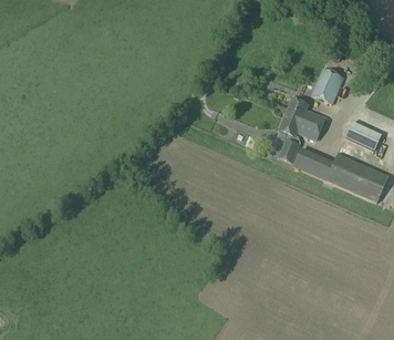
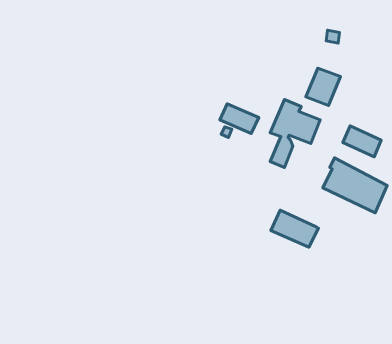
building: none -> [220,104,259,133]
building: [291,145,335,179] -> [271,210,318,247]

